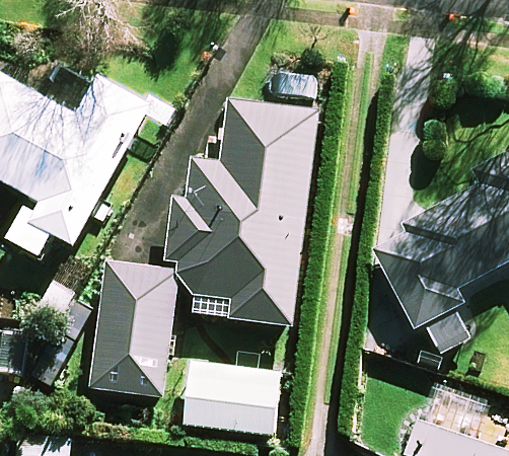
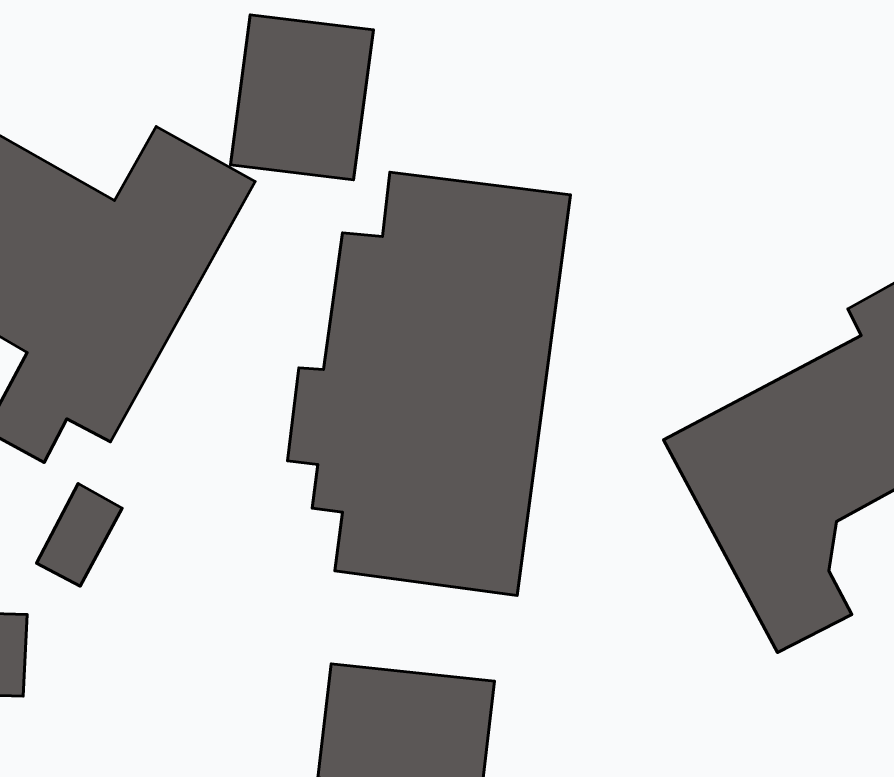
building: none -> [230,15,373,180]
building: [90,262,177,395] -> none

